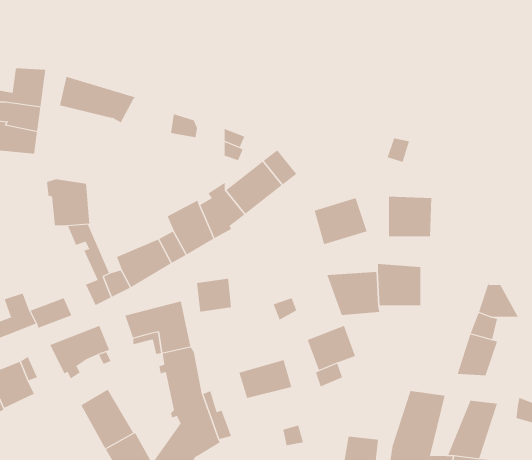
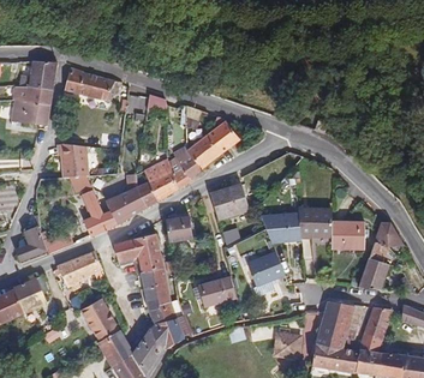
building: [388,196,432,237] -> [332,220,364,250]
building: [314,197,368,245] -> [210,184,250,218]

